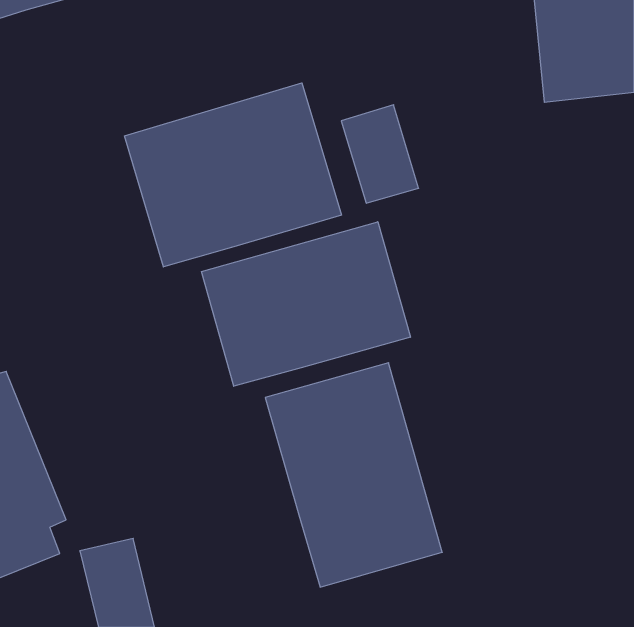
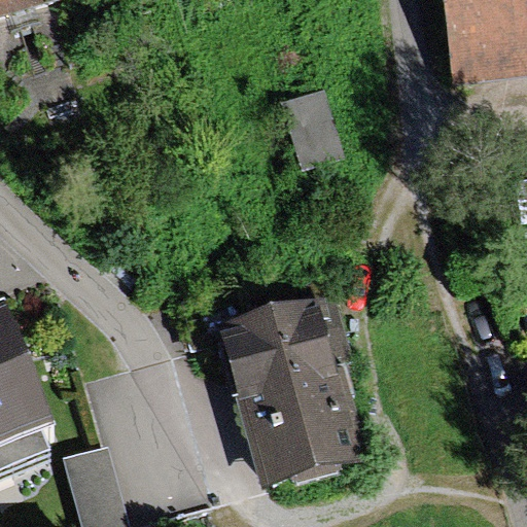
building: [125,83,341,267] -> none
building: [202,222,410,386] -> none

